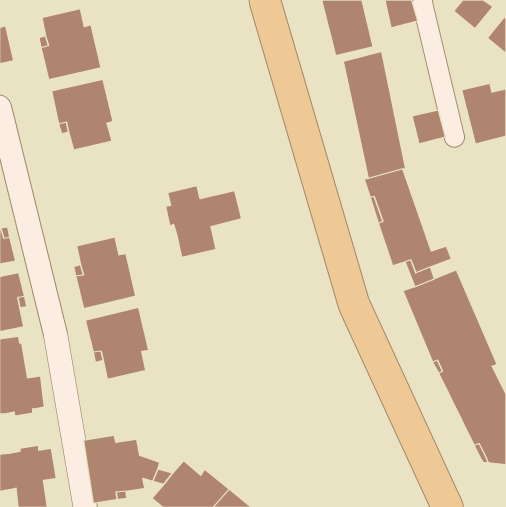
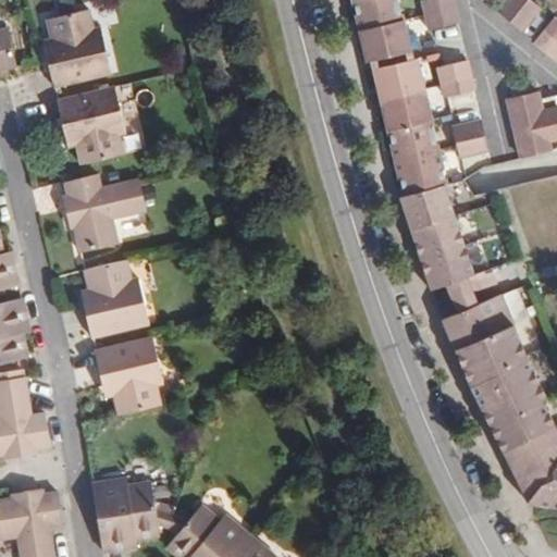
building: none -> [437,61,473,97]
building: [165,186,242,257] -> [62,174,146,252]

